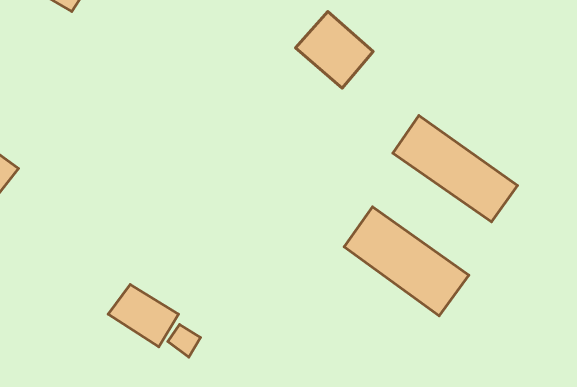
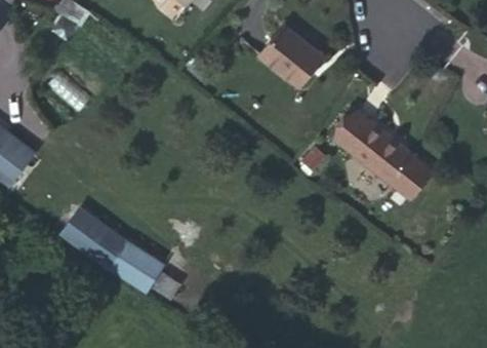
building: [344,207,469,316] -> none
building: none -> [64,209,127,267]

